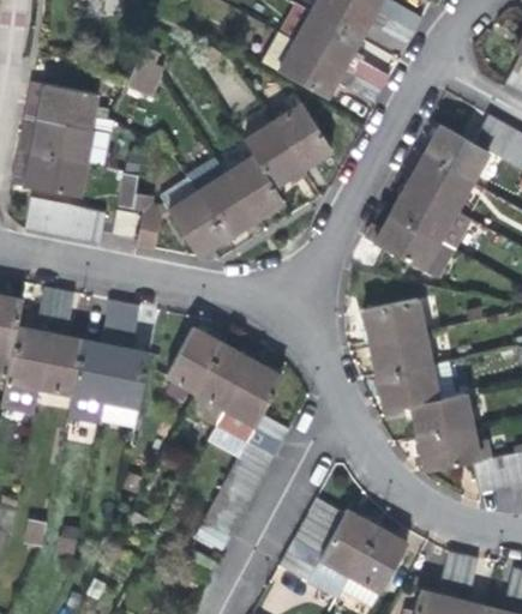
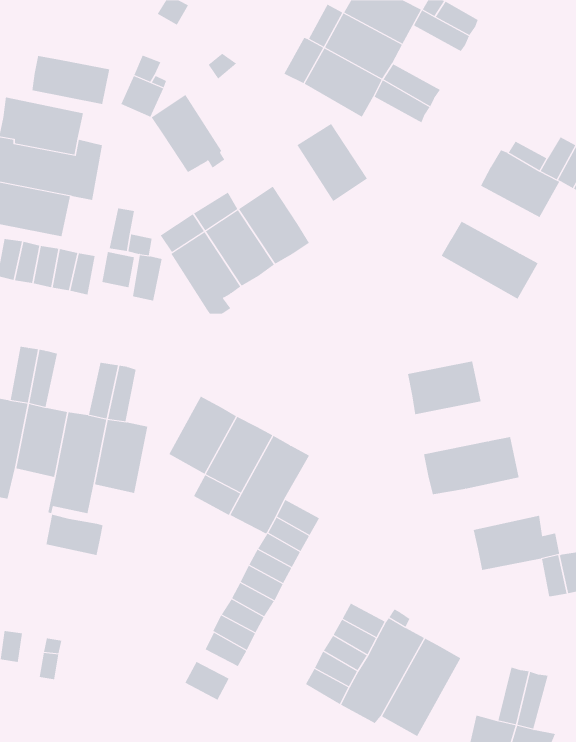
building: none -> [32,55,110,105]
building: [244,121,305,186] -> [151,94,225,173]
building: [408,155,473,210] -> none
building: [368,212,455,278] -> none
building: [370,332,431,375] -> none
building: [412,392,473,438] -> none
building: none -> [46,514,103,556]

